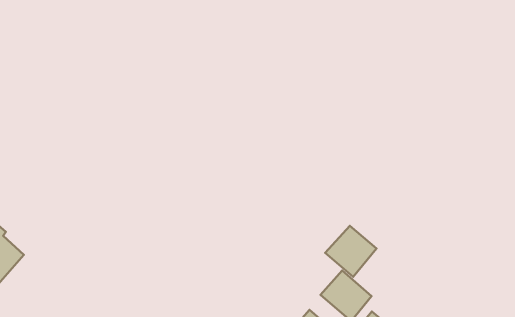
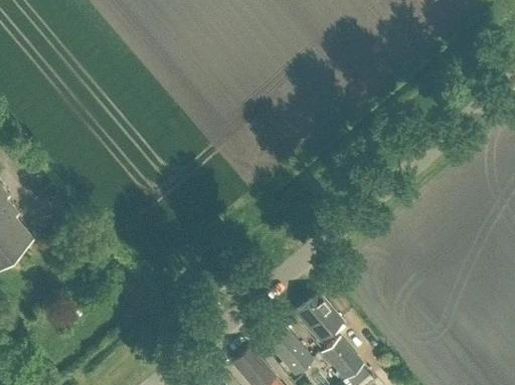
building: [325,226,377,277] -> none

